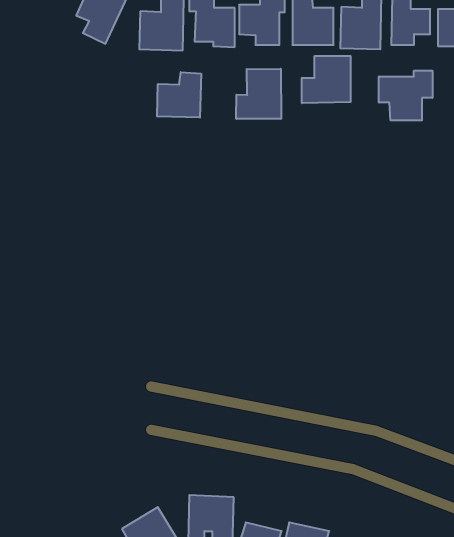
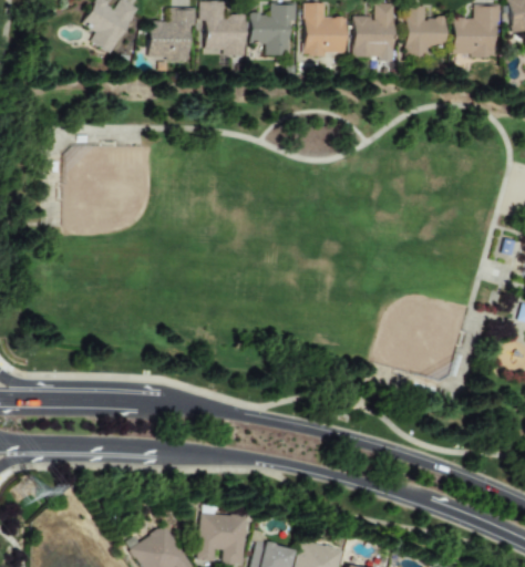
building: [302,56,351,103] -> none
building: [236,69,281,119] -> none
building: [379,71,432,120] -> none
building: [157,72,201,118] -> none

